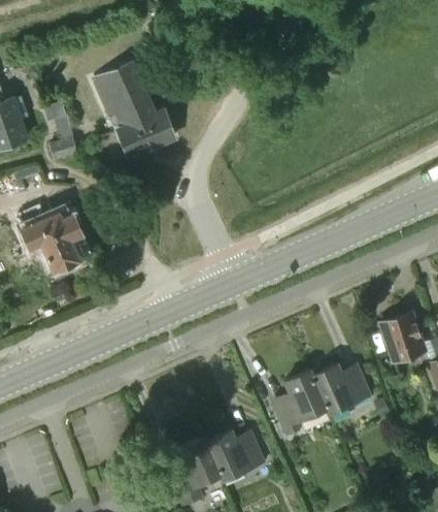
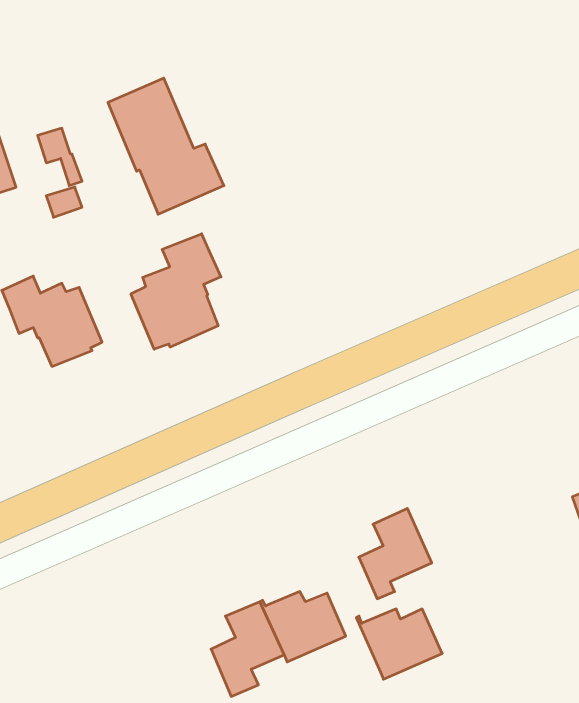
building: none -> [131,234,221,349]
building: [382,313,425,361] -> none
building: [309,365,371,416] -> [356,609,442,679]

